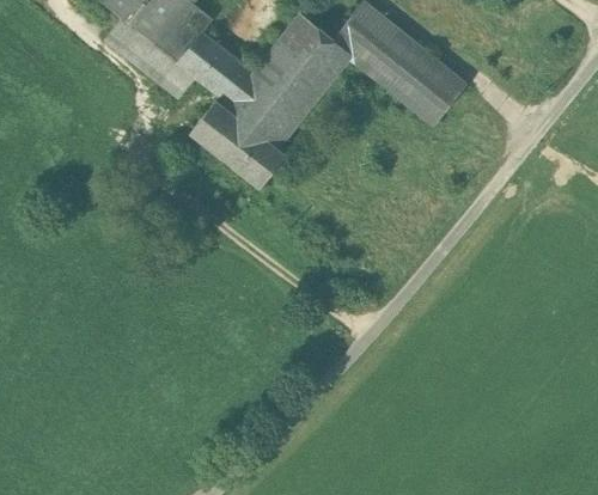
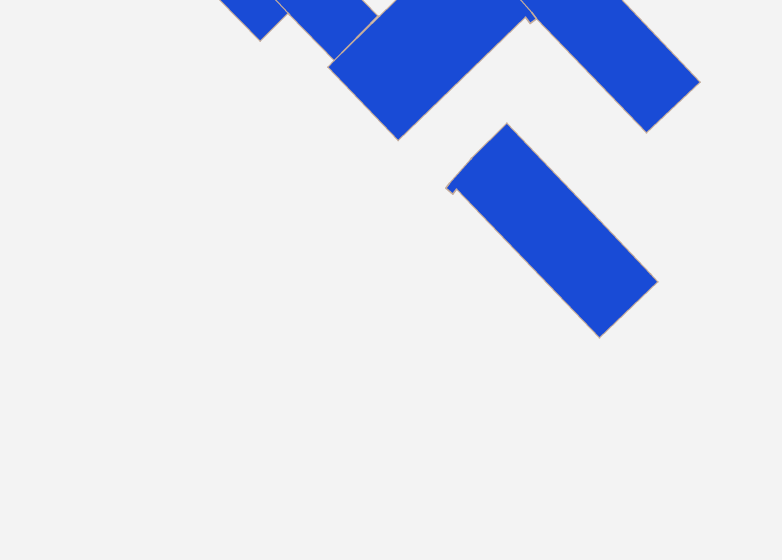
building: [191,99,286,185] -> none
building: none -> [446,123,658,338]

